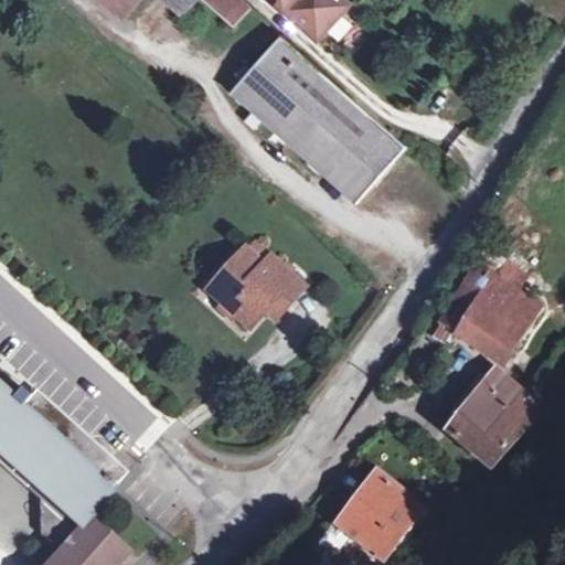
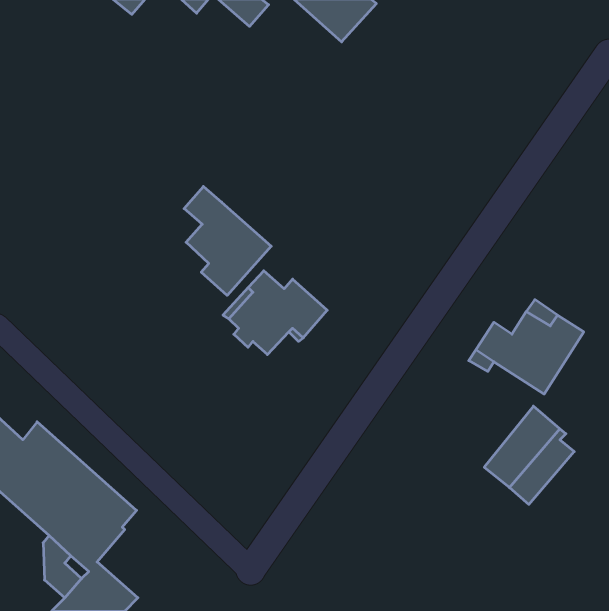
building: [230,34,405,203] -> none
building: none -> [184,186,271,295]
building: [337,473,417,555] -> none

